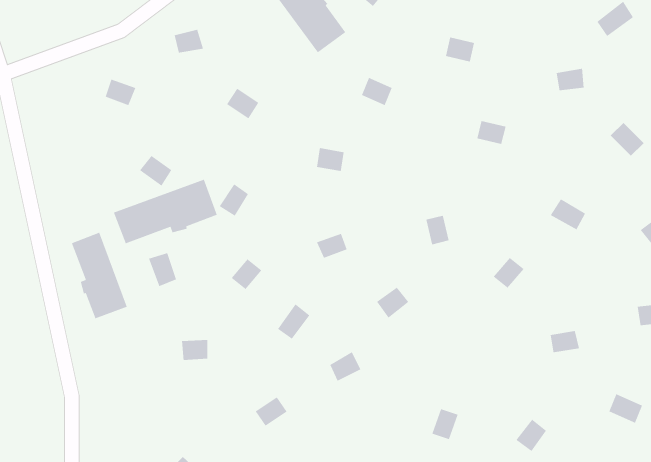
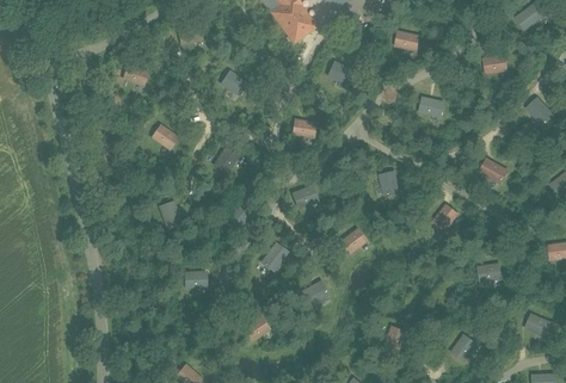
building: [113,179,218,244] -> none
building: [71,232,127,319] -> none

